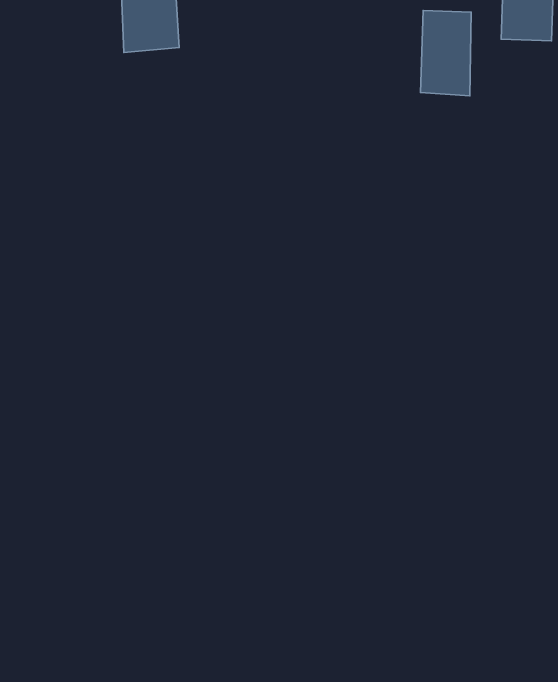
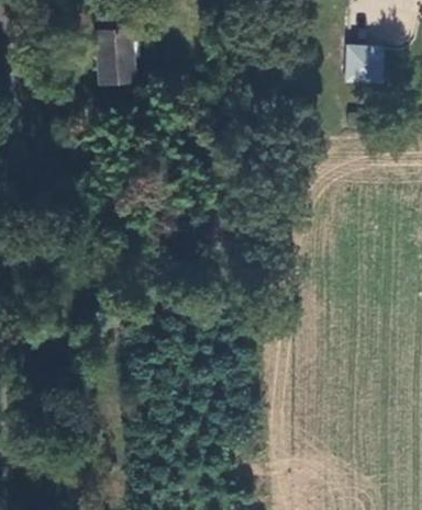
building: [421,10,471,96] -> none

